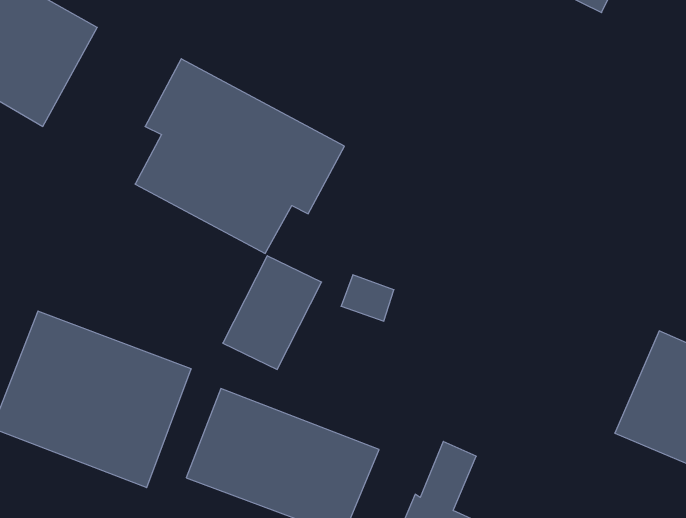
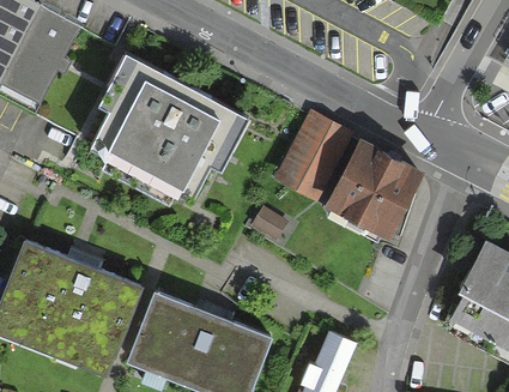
building: none -> [326,138,424,234]
building: [223,256,322,369] -> [275,113,347,195]

